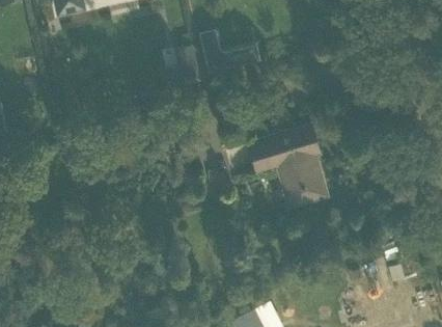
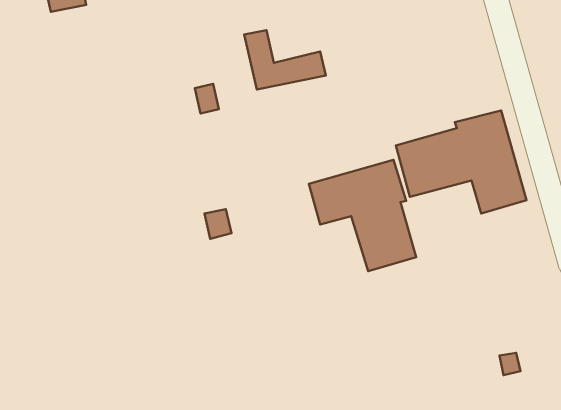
building: none -> [396,110,527,213]

